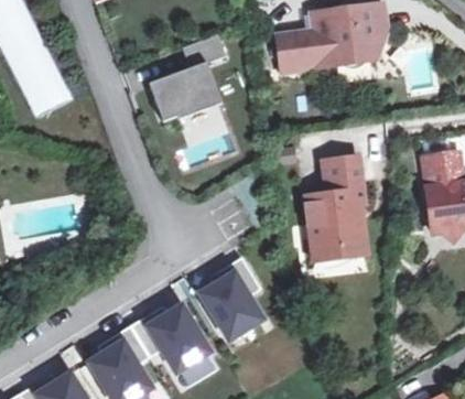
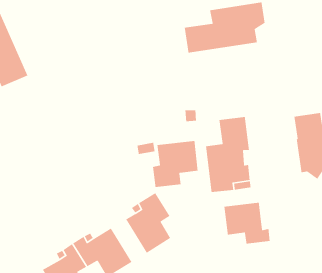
building: [149,34,225,121] -> none
building: none -> [152,140,198,188]
building: none -> [223,202,271,244]

